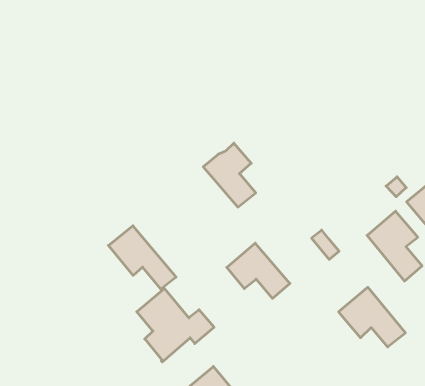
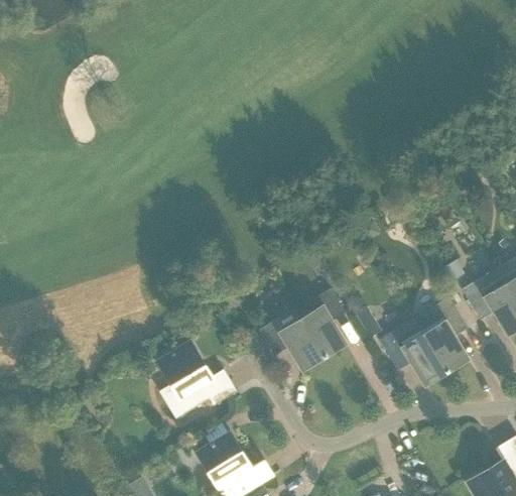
building: [203,143,256,207] -> [295,289,347,358]
building: [108,226,176,289] -> none
building: [339,287,405,347] -> [380,320,447,386]

